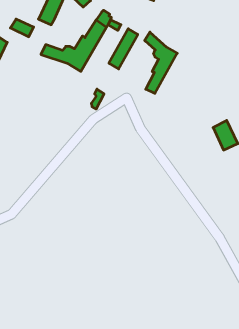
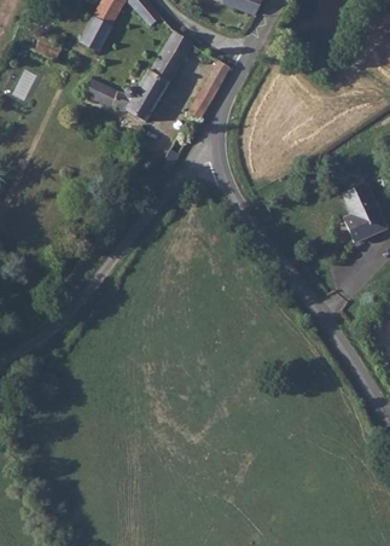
building: [145,32,177,93] -> none

